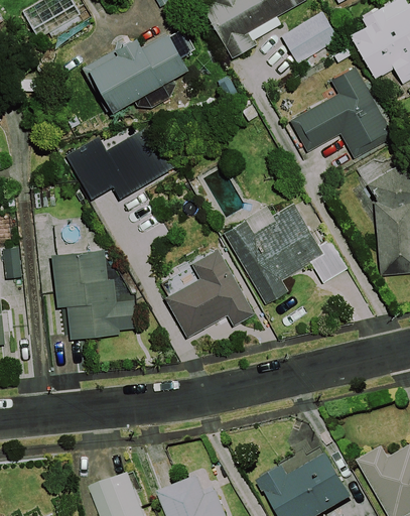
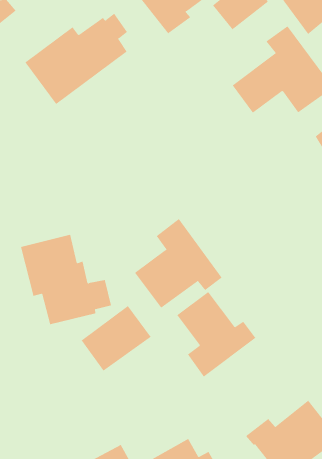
building: [65,121,180,200] -> none
building: [224,203,348,304] -> none
building: none -> [176,291,256,377]
building: none -> [81,305,151,372]

